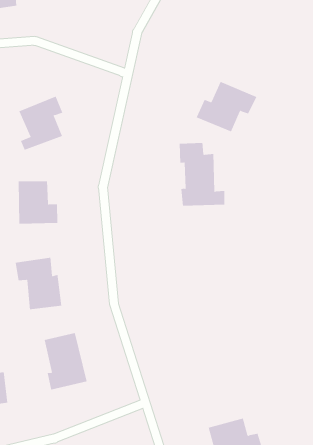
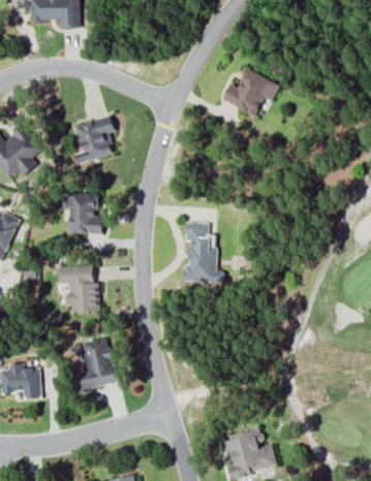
building: [196,81,257,132] -> [221,68,280,117]
building: [179,142,225,206] -> [182,223,223,284]

